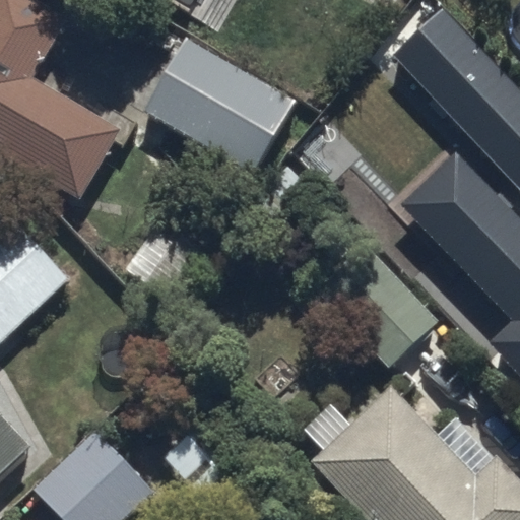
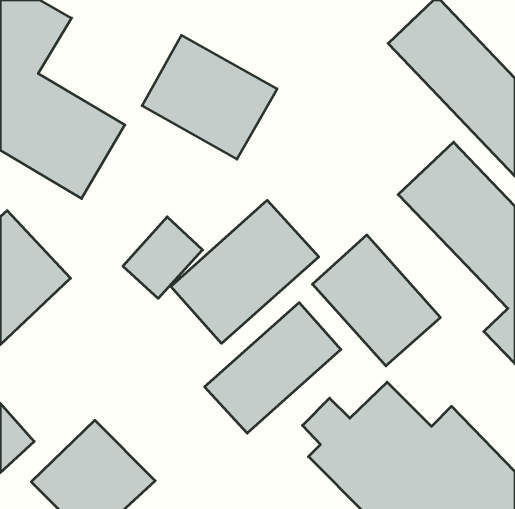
building: none -> [171,200,319,343]
building: none -> [205,303,341,433]

